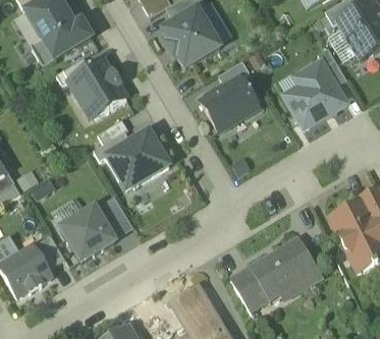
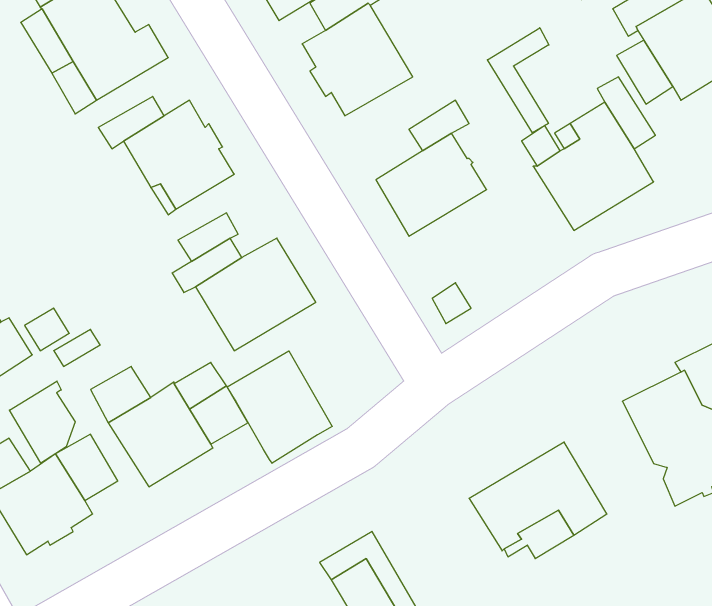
building: none -> [487,28,549,133]
building: none -> [227,351,332,463]
building: none -> [9,381,75,463]
building: [230,268,270,310] -> none

